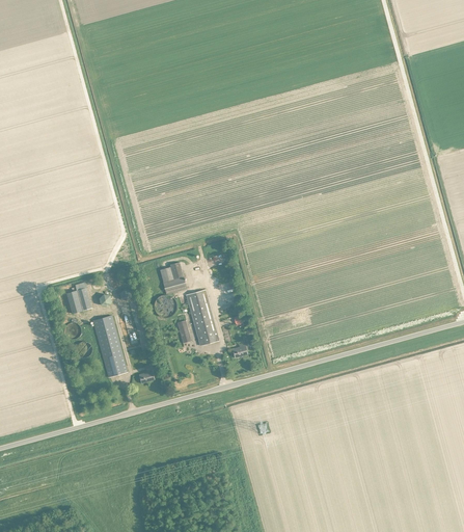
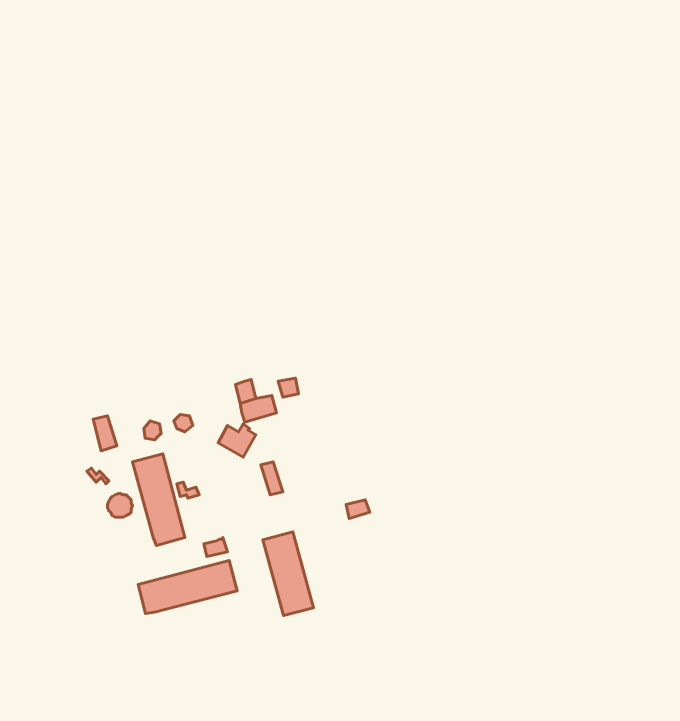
building: [186,290,219,345] -> [263,532,313,616]
building: none -> [138,561,237,614]

